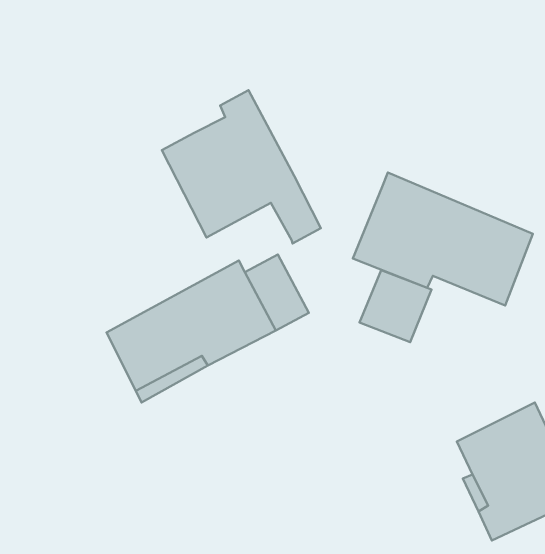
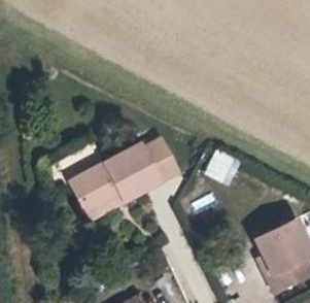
building: [162,90,321,243] -> none
building: [353,172,533,305] -> none

